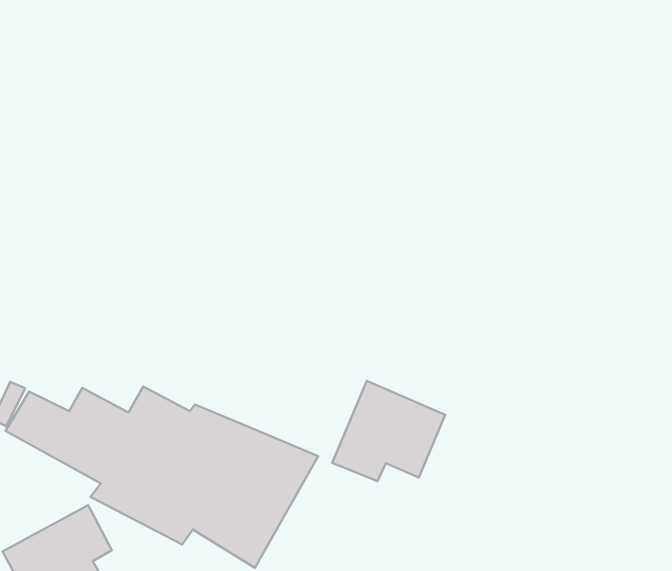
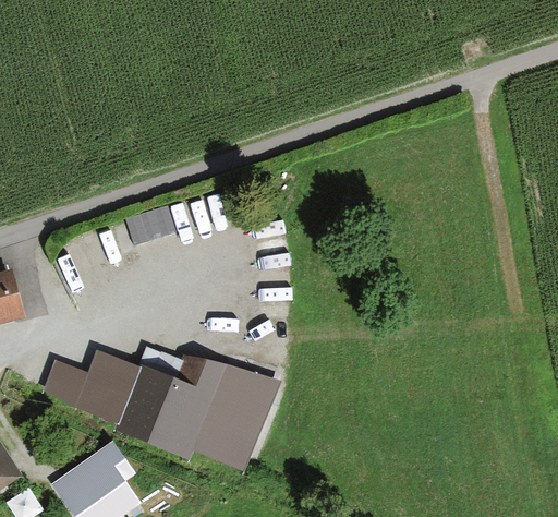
building: [332,381,445,481] -> none

